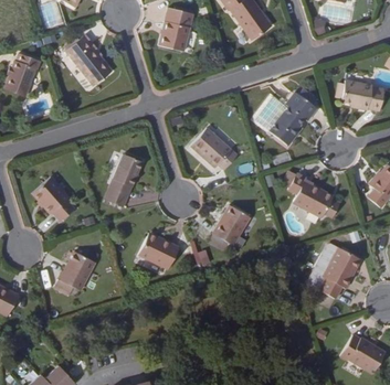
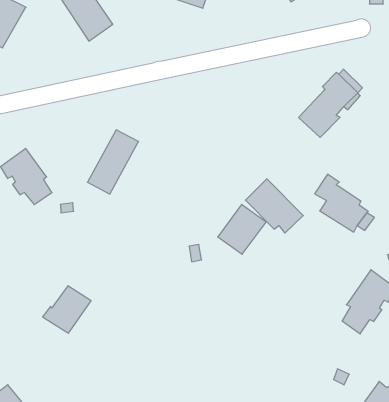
building: [191,126,239,168] -> [245,179,303,233]
building: [139,237,179,269] -> none
building: [59,250,96,288] -> [43,286,91,333]

